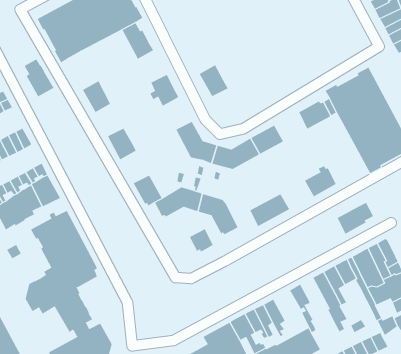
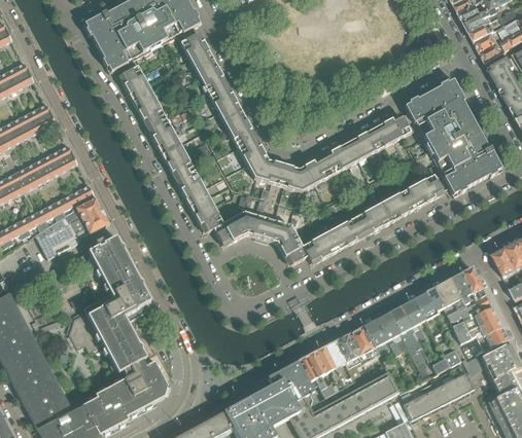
building: none -> [196,58,229,94]
building: [24,58,54,97] -> [118,59,152,102]
building: [199,65,229,97] -> [223,110,256,146]
building: none -> [148,117,183,153]
building: none -> [348,126,384,159]
building: none -> [176,170,209,206]
building: none -> [355,203,391,234]
building: [337,202,374,235] -> [408,171,449,207]
building: [189,229,213,253] -> [303,235,329,262]
building: none -> [377,311,409,355]
building: none -> [347,325,380,363]

